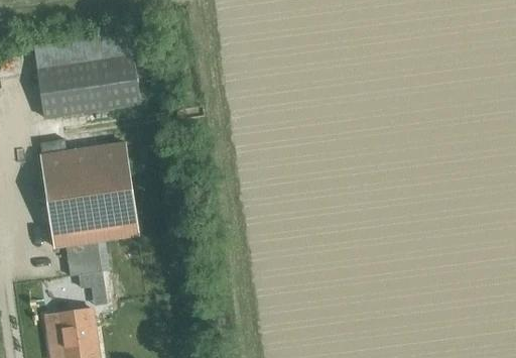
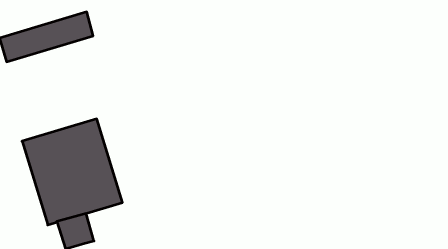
building: [37,54,141,118] -> none

